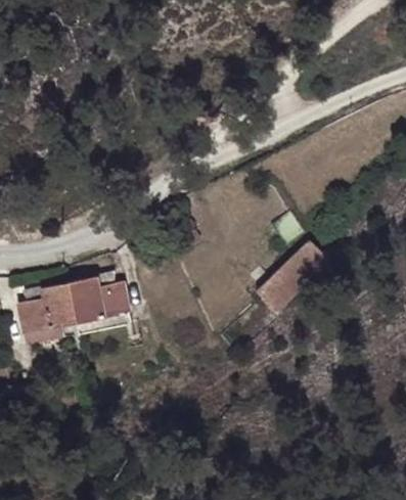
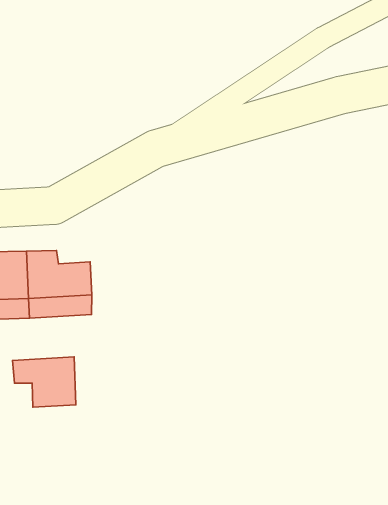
building: [256,238,328,309] -> none
building: none -> [12,357,76,407]

